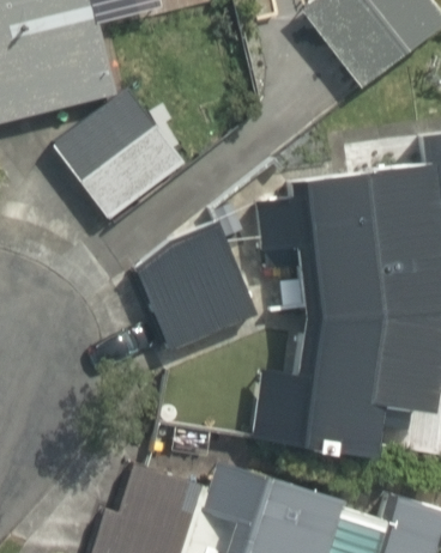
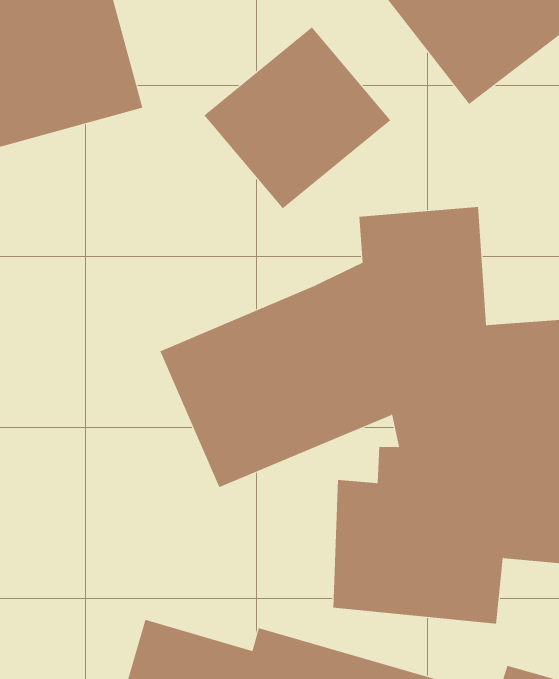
building: [58,90,194,223] -> [204,27,391,209]

